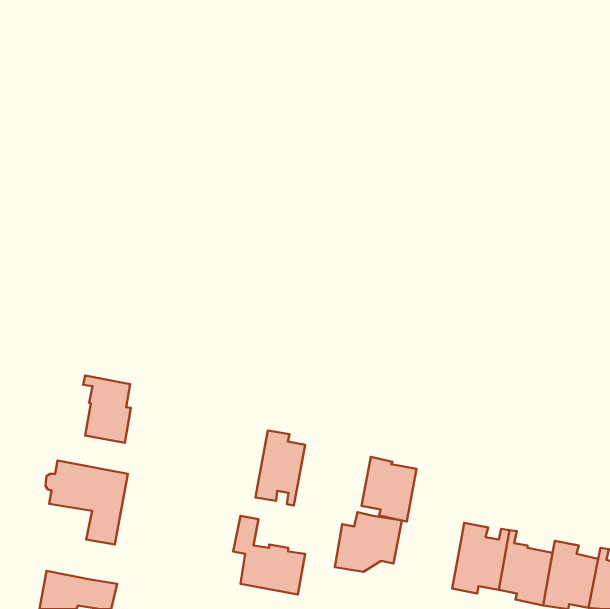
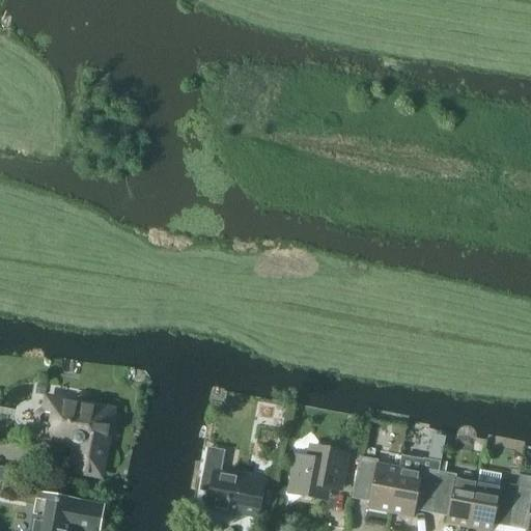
building: [83,376,131,443] -> none
building: [255,431,305,506] -> none
building: [361,457,416,522] -> [354,454,401,510]

